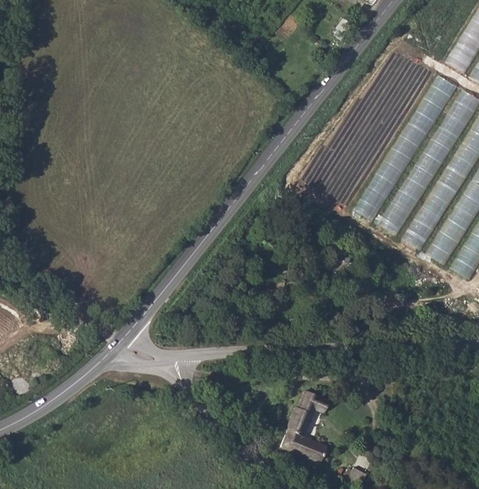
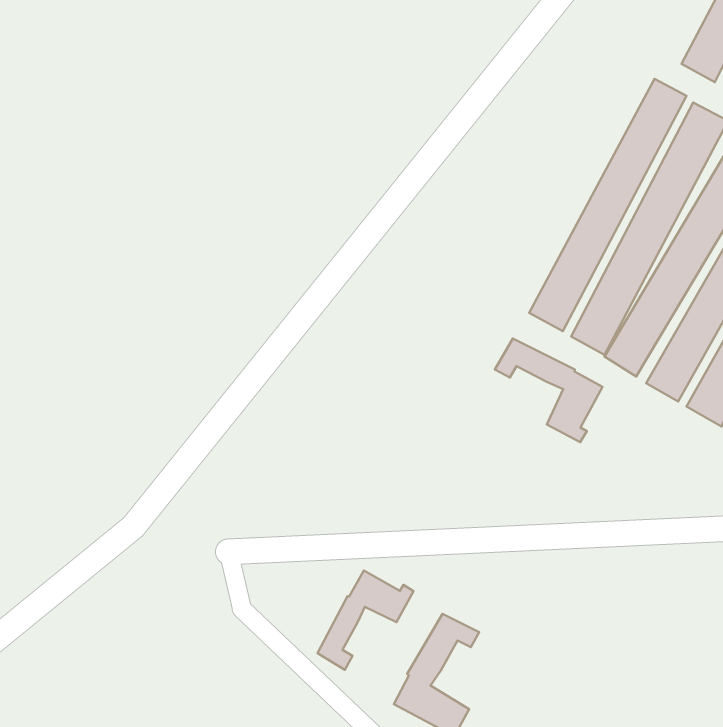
building: none -> [495,339,602,442]
building: none -> [318,571,413,670]

